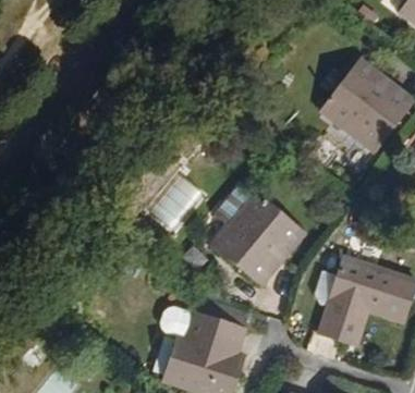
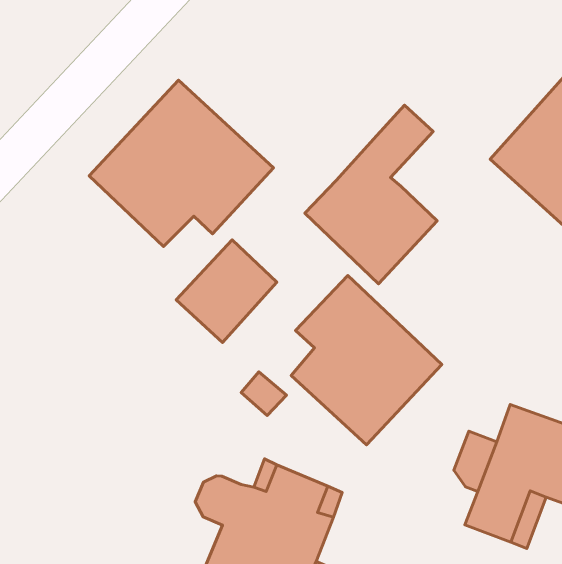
building: none -> [89,80,273,246]
building: none -> [305,105,437,284]

